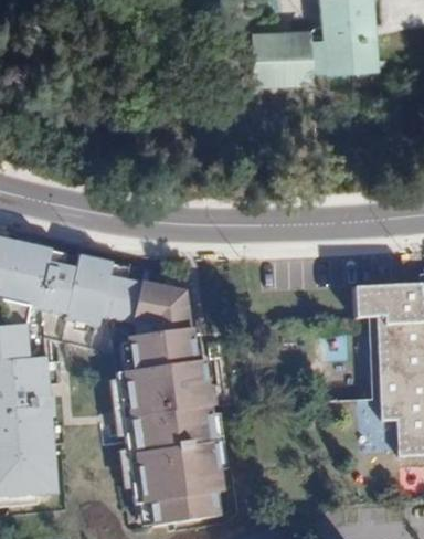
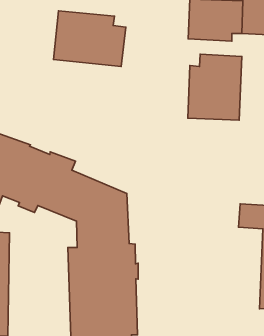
building: none -> [53,11,126,67]
building: none -> [188,54,242,120]

